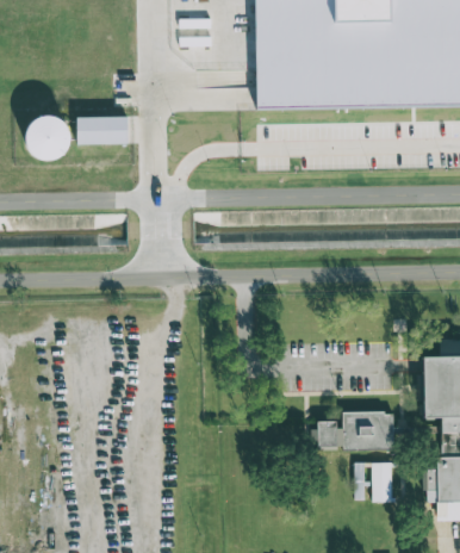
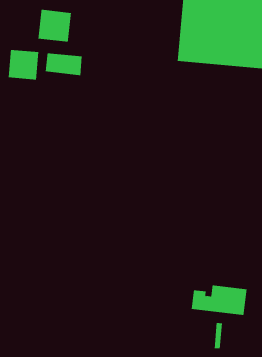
building: none -> [38,9,72,43]
building: [371,462,392,502] -> none

